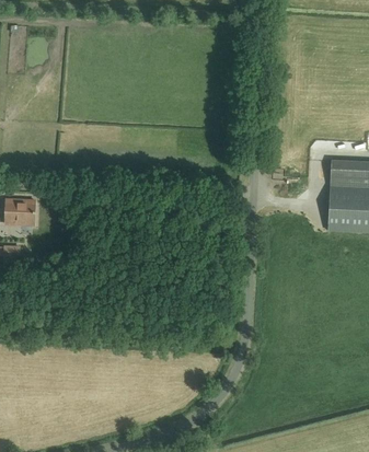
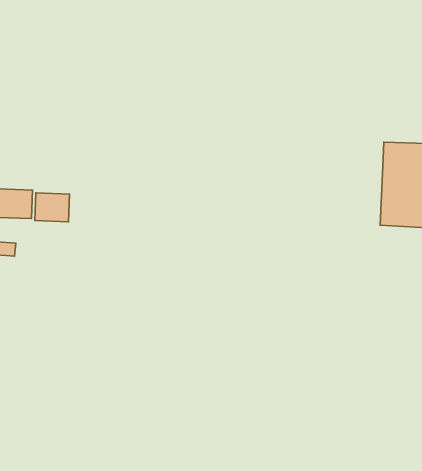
building: none -> [35,193,69,222]

